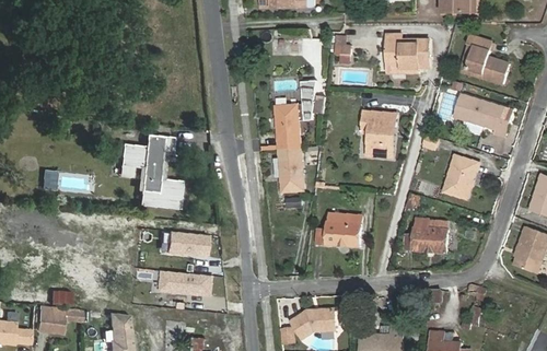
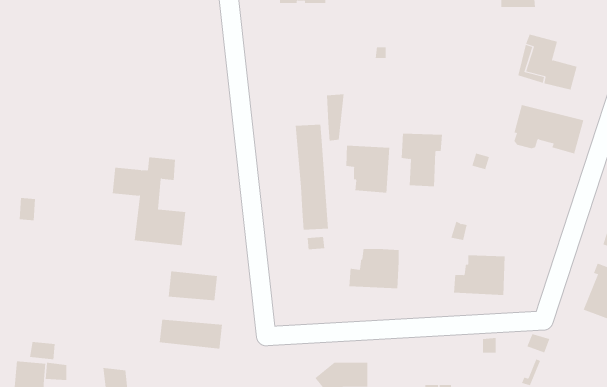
building: [386,33,429,71] -> none
building: none -> [346,145,390,193]
building: [443,152,476,195] -> none

